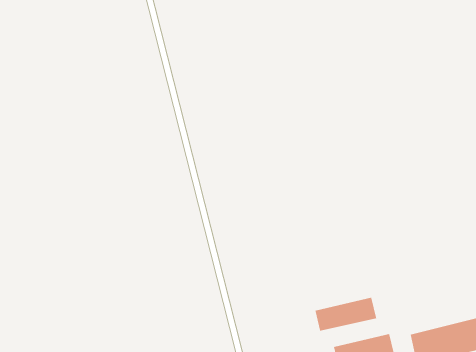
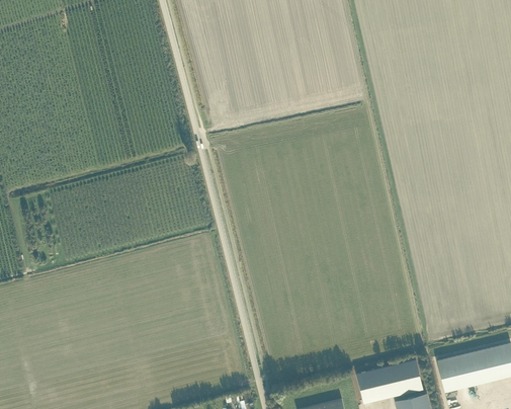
building: [315,297,377,331] -> none

